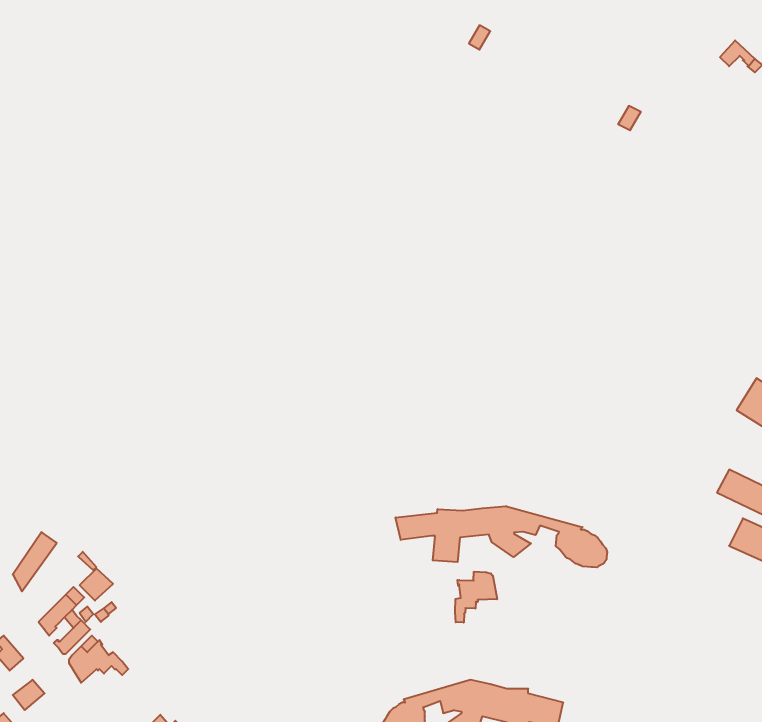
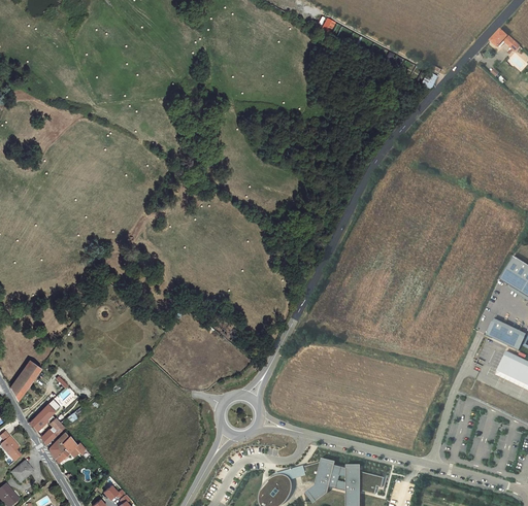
building: [396,506,607,567] -> none
building: [455,572,497,623] -> none

